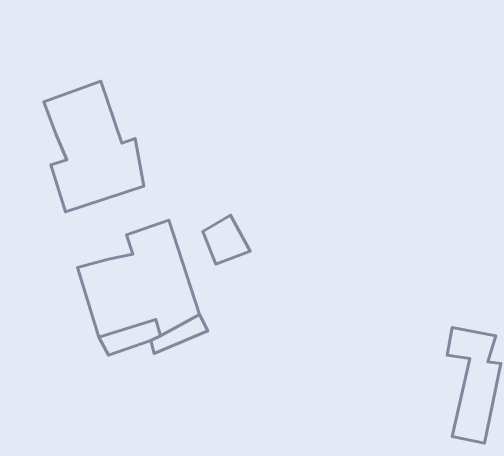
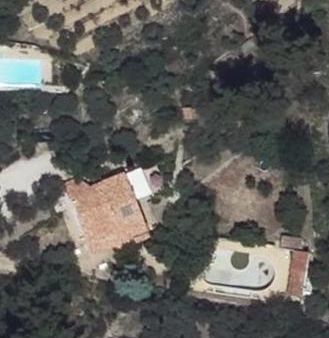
building: [44,81,144,212] -> none

